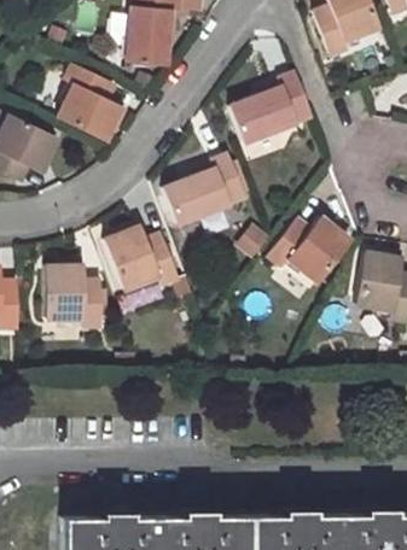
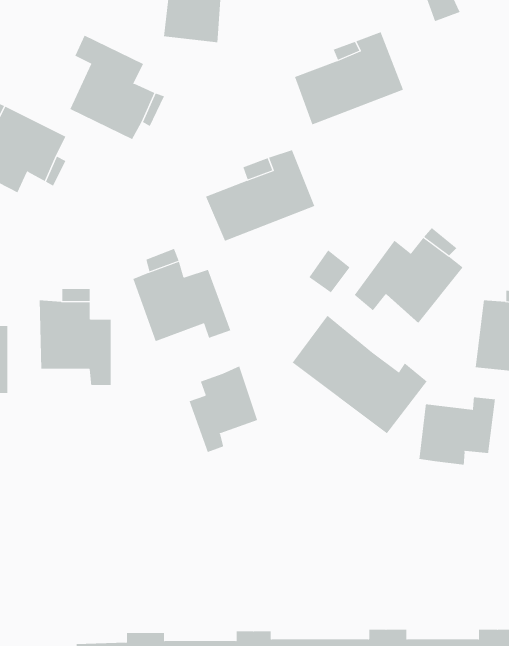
building: none -> [292,315,427,434]
building: none -> [189,366,258,453]
building: none -> [419,396,495,466]

